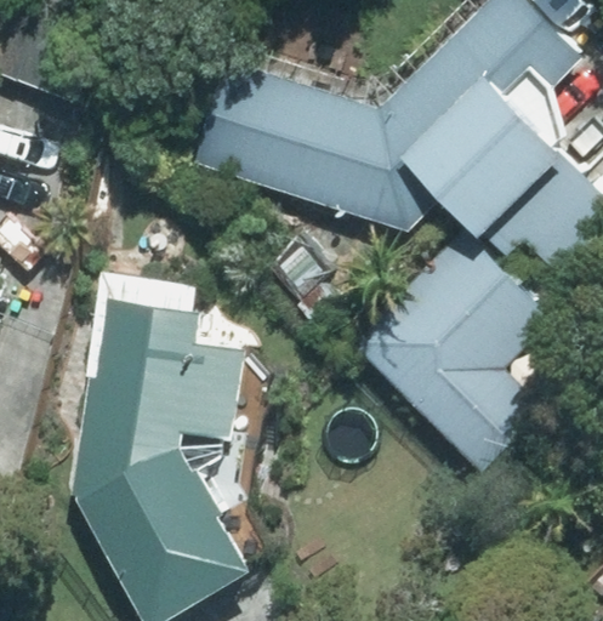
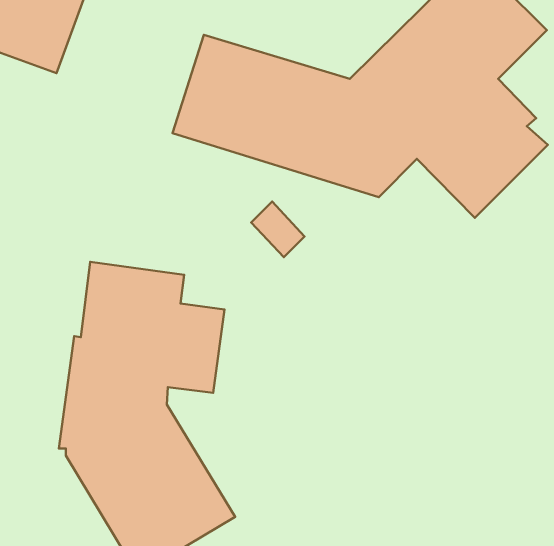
building: [349,229,553,472] -> none

